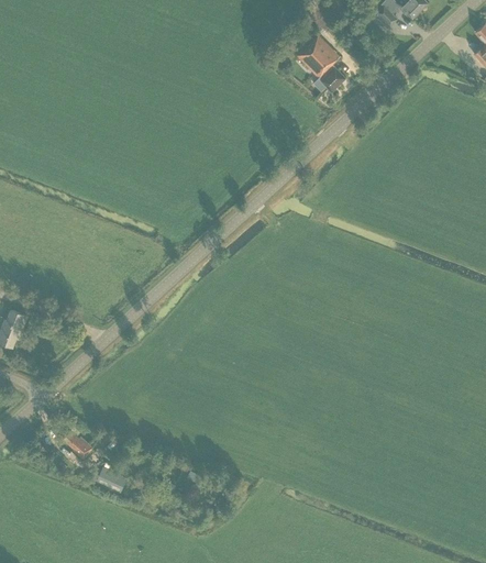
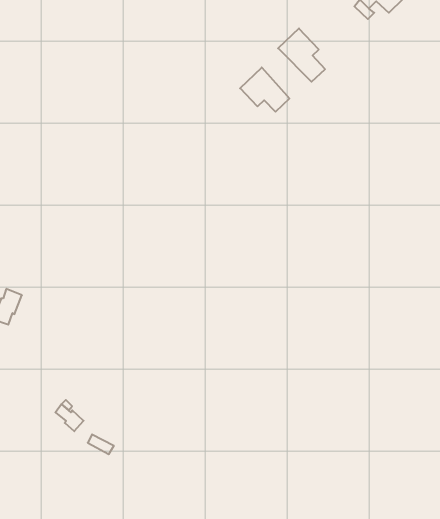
building: none -> [240,67,289,112]

